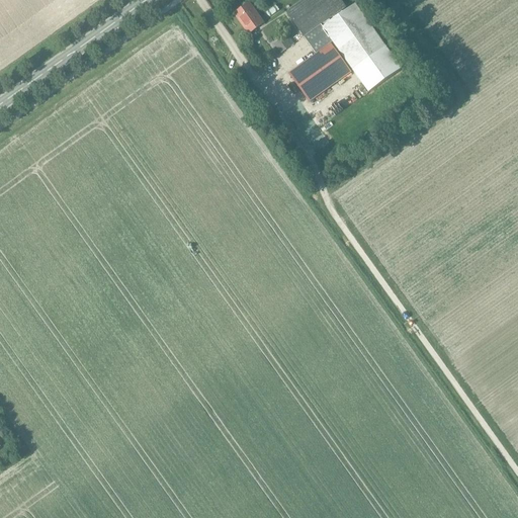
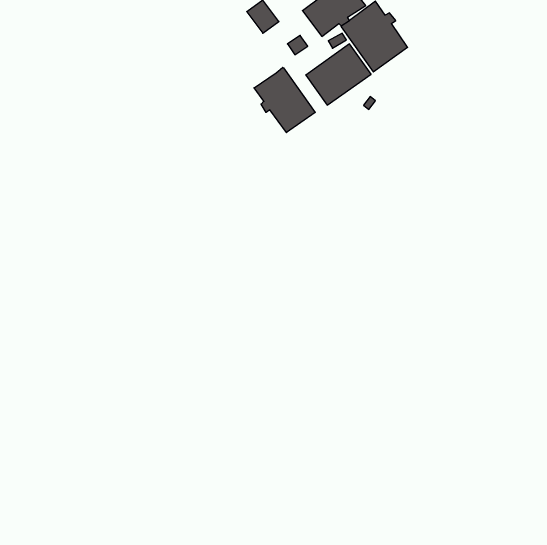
building: [352,45,401,89] -> none
building: none -> [254,67,315,133]

